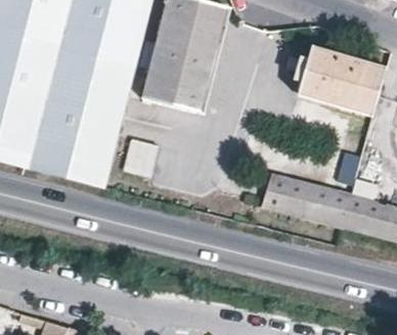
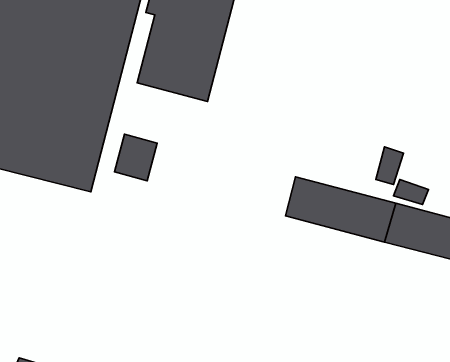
building: [298,47,389,115] -> none

